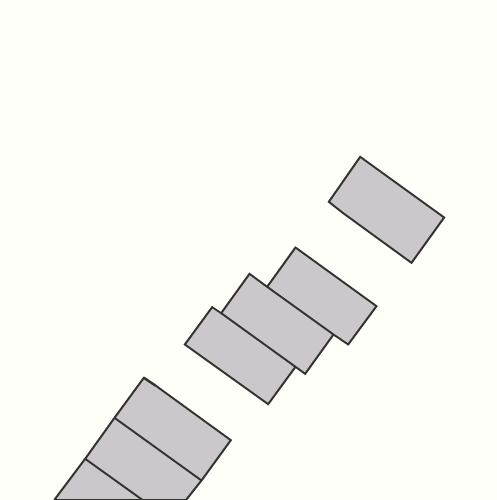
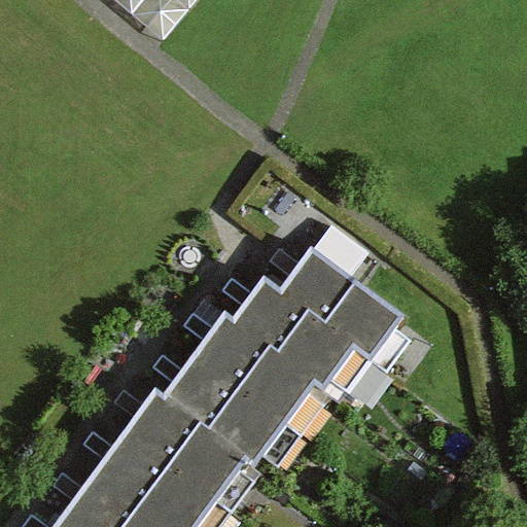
building: [329,157,444,263] -> none
building: none -> [164,362,282,468]

